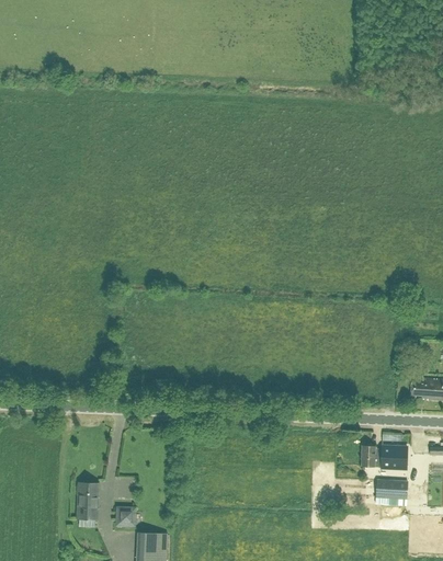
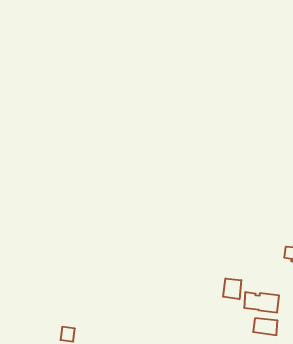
building: none -> [223,278,241,299]
building: [77,482,99,519] -> none

